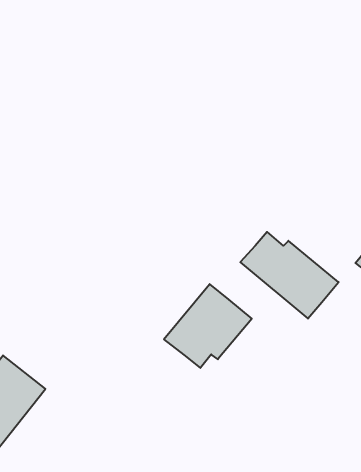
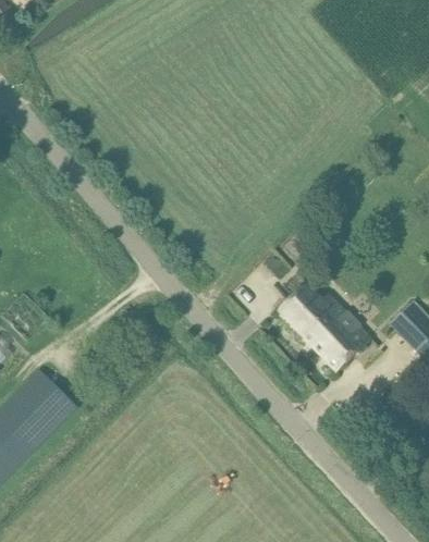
building: [164,284,252,368] -> none

